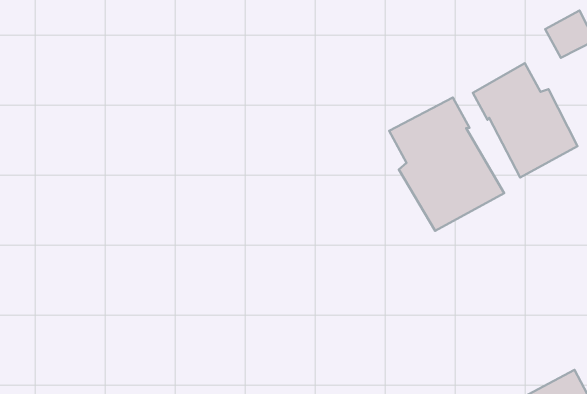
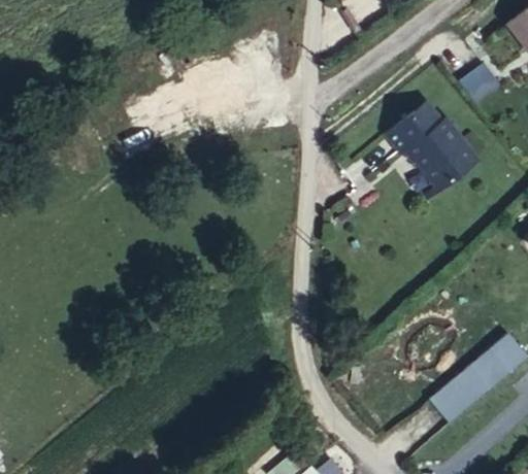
building: [389,98,504,231] -> none

